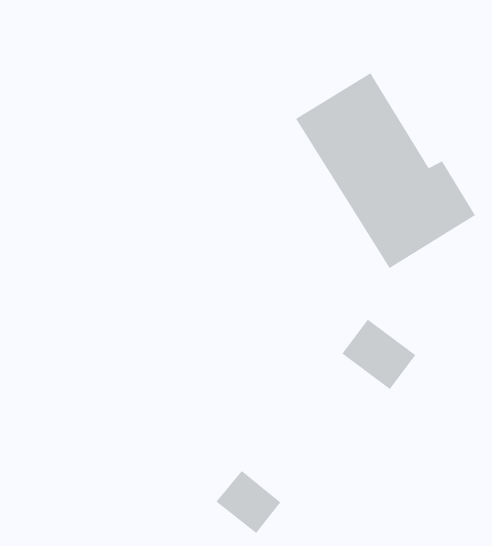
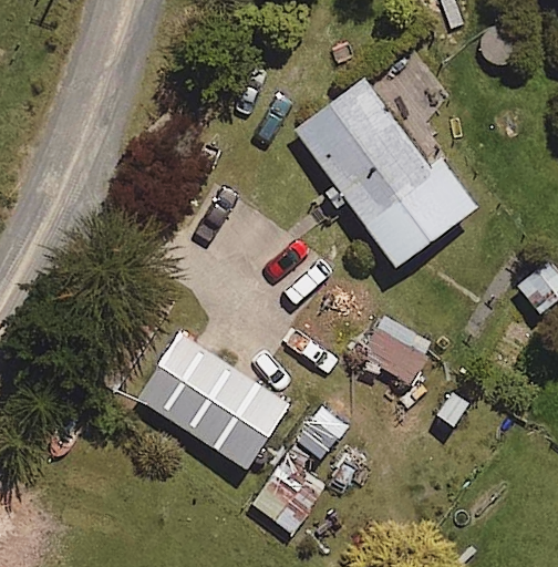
building: none -> [122,324,290,470]

